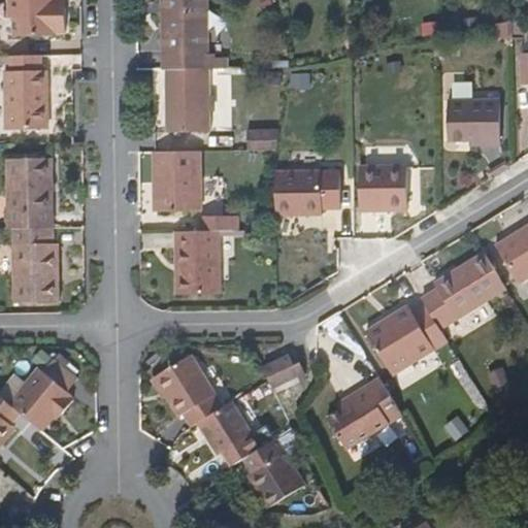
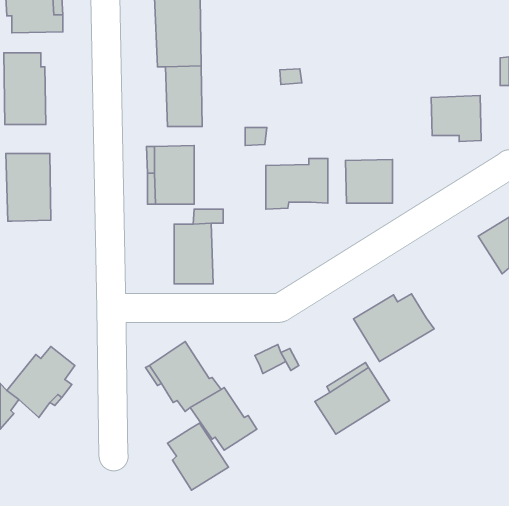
building: [12,228,58,302] -> none
building: [421,252,507,329] -> none
building: [243,438,306,507] -> [168,423,228,490]

